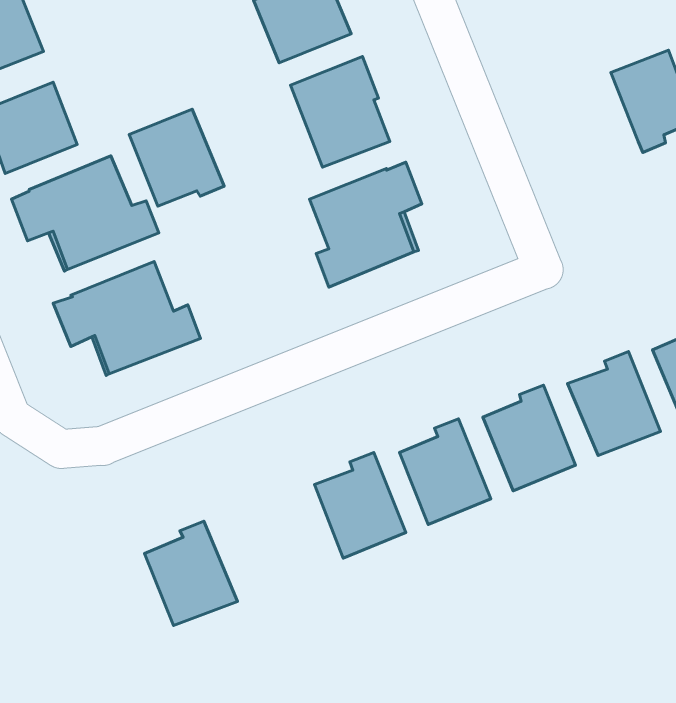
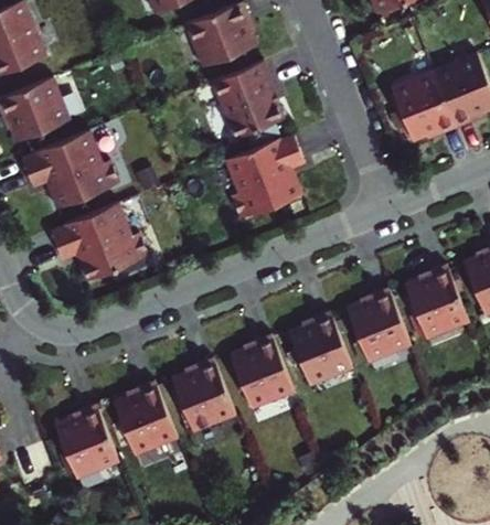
building: none -> [395,74,456,139]
building: [129,109,224,206] -> none
building: none -> [171,358,234,431]
building: none -> [54,406,117,478]

